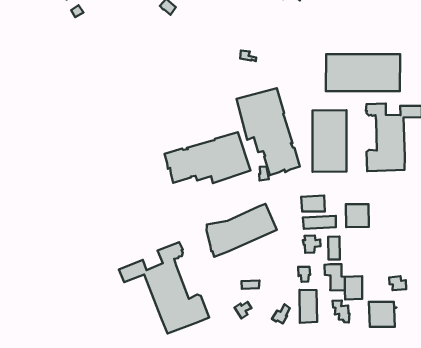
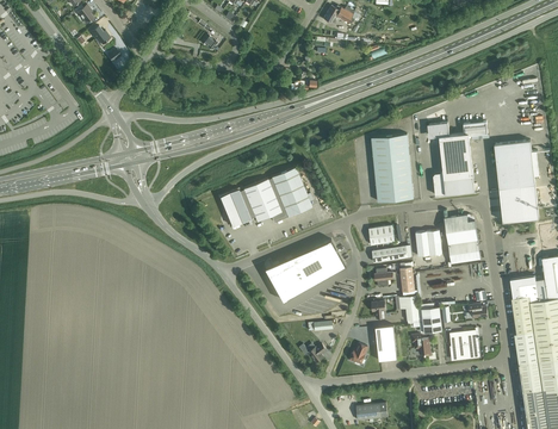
building: [326,54,400,91] -> none
building: [237,88,300,175] -> none
building: none -> [444,214,479,263]
building: [119,242,209,333] -> none

